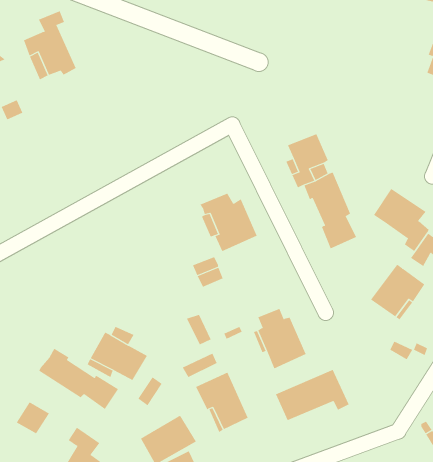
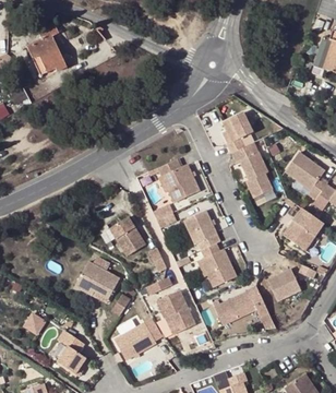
building: none -> [185,210,220,249]
building: none -> [111,214,146,252]
building: none -> [267,269,300,300]
building: [38,348,119,410] -> none

